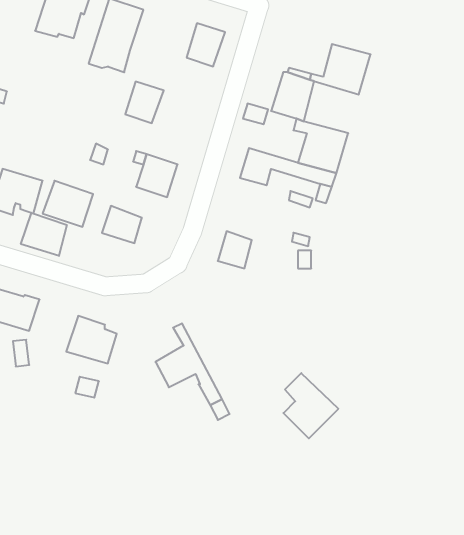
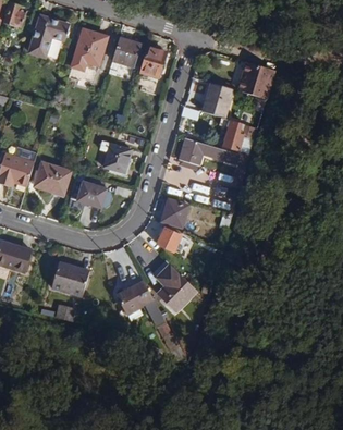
building: [125,82,164,123] -> [111,37,139,67]
building: [21,213,67,256] -> none
building: none -> [156,228,186,255]
building: [283,373,338,438] -> [156,265,196,312]

